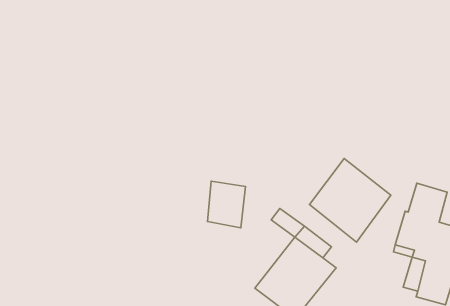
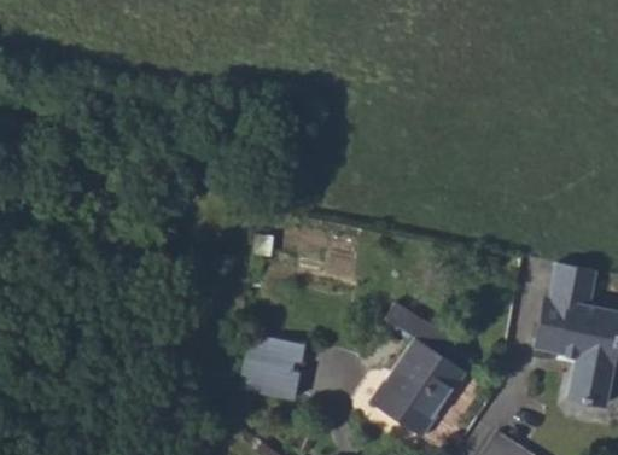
building: [309,158,391,242] -> none
building: [208,181,246,228] -> [263,340,307,395]

